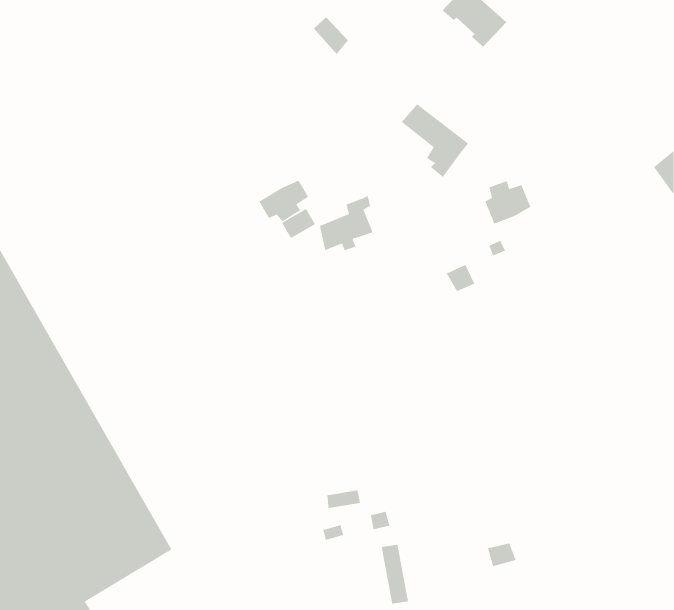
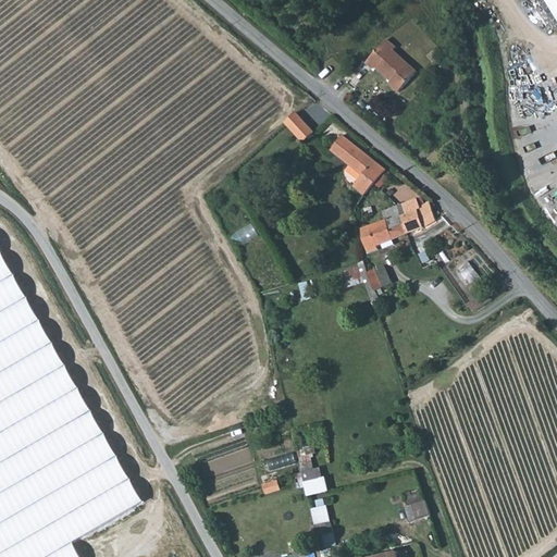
building: [313,17,349,55] -> [282,110,311,141]
building: [259,180,309,222] -> none
building: [319,195,374,251] -> [360,205,405,250]

